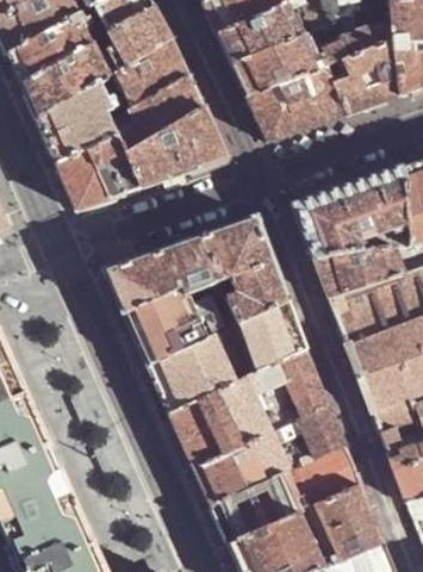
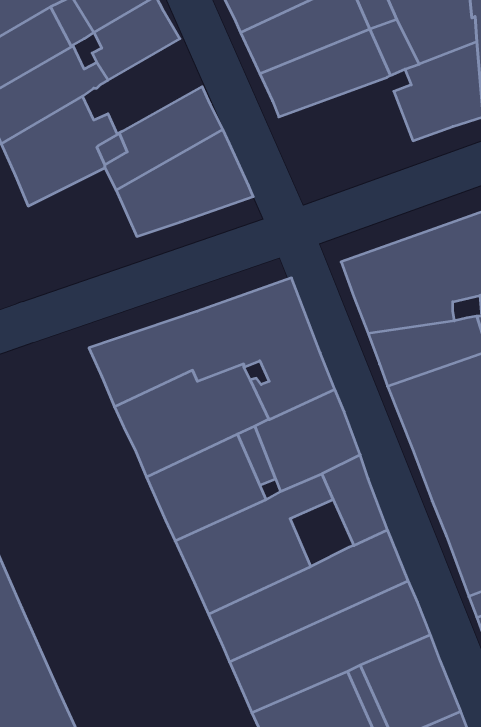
building: [113,39,189,108] -> none
building: [247,68,347,143] -> none
building: [60,136,141,209] -> none
building: [255,384,303,434] -> none

